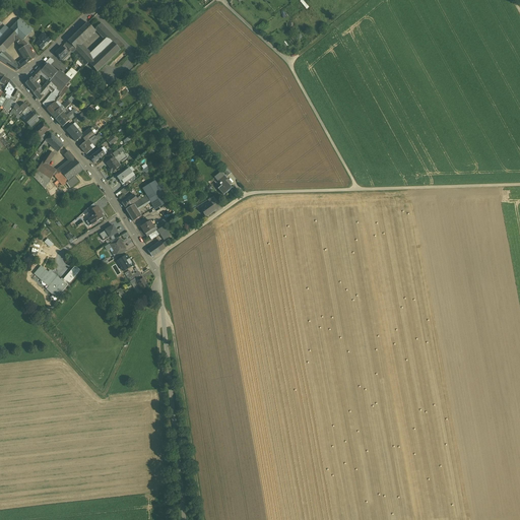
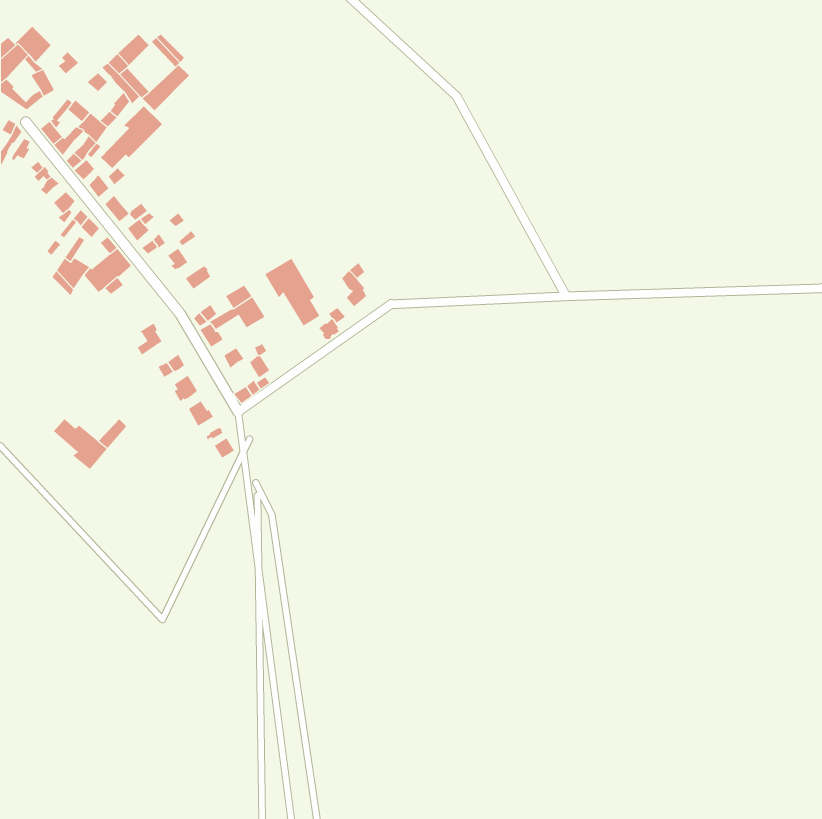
building: none -> [100,106,163,169]
building: none -> [265,258,320,326]

